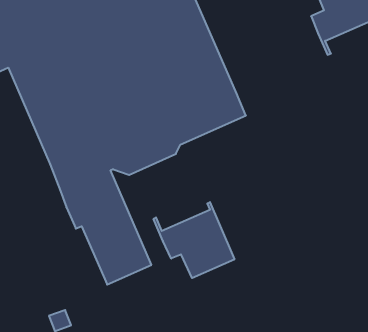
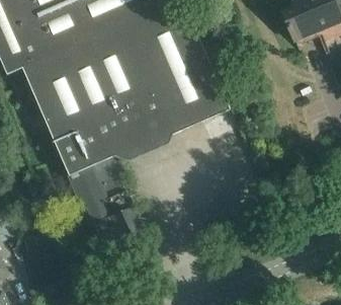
building: [154,202,234,278] -> none

